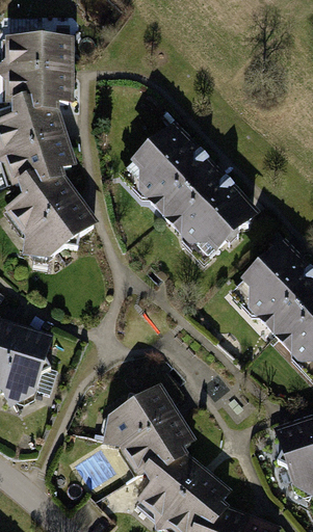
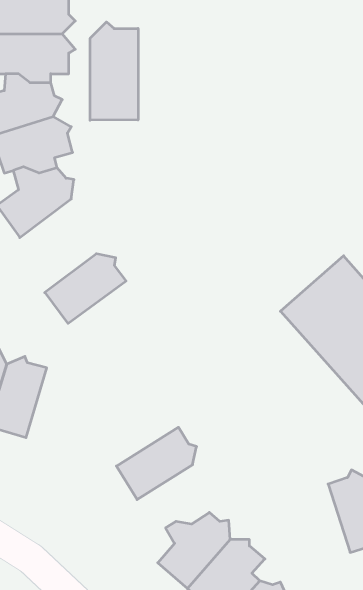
building: none -> [90,22,138,120]
building: [125,127,258,265] -> none
building: [26,202,92,258] -> [45,254,126,323]
building: [121,416,187,471] -> none

